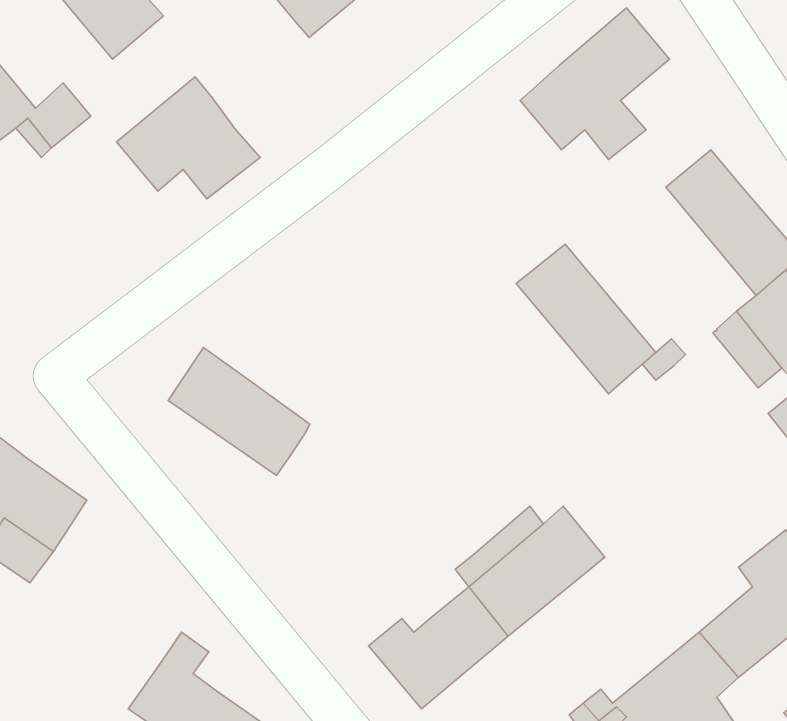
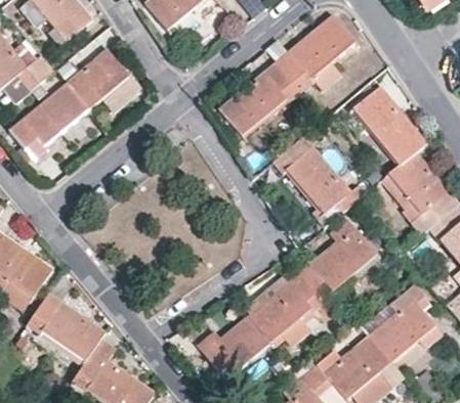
building: none -> [218,62,298,136]
building: none -> [10,84,88,156]
building: [168,347,310,475] -> [29,295,102,361]
building: none -> [299,219,377,304]

